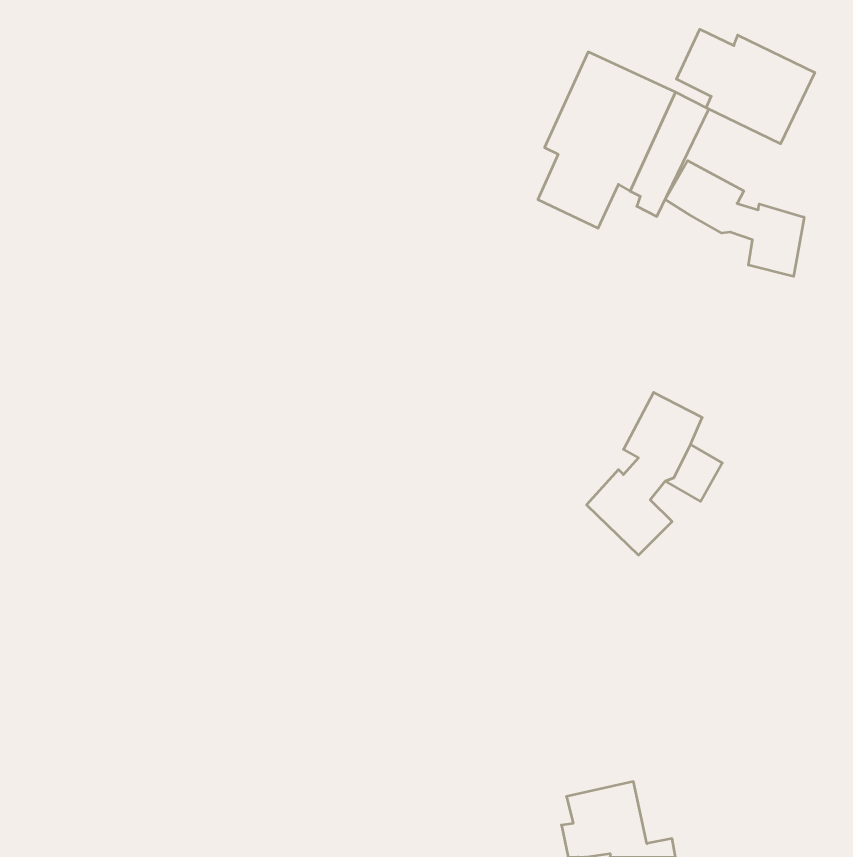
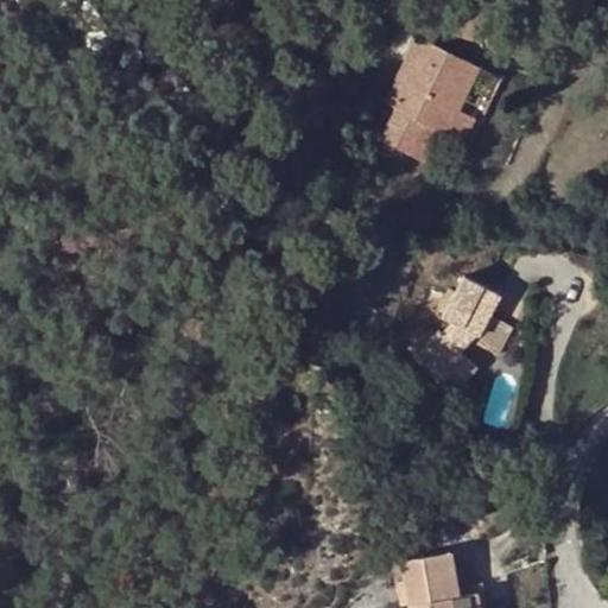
building: [676,29,815,144] -> none
building: [665,161,804,276] -> none

